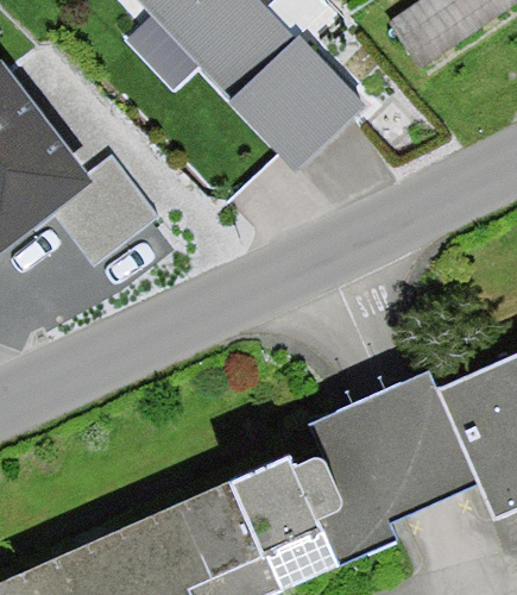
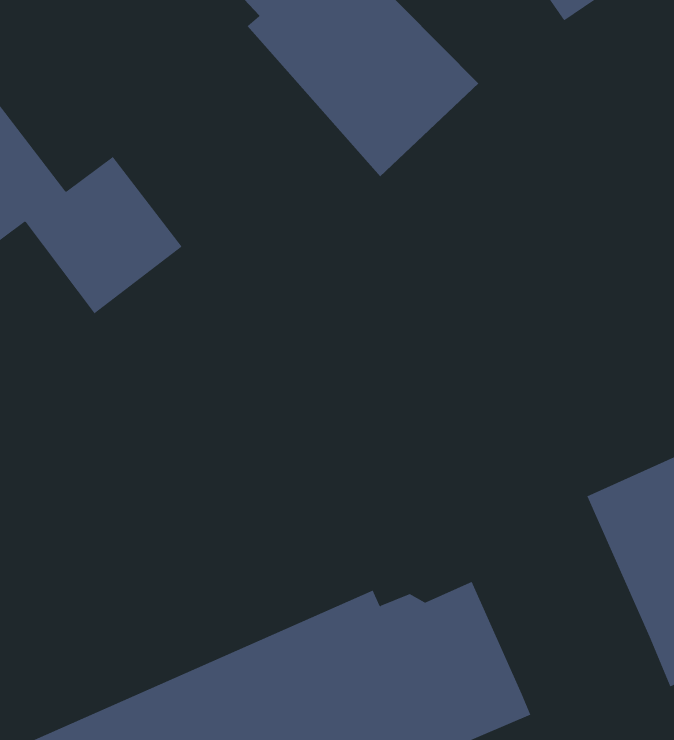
building: [310,372,479,524] -> none

